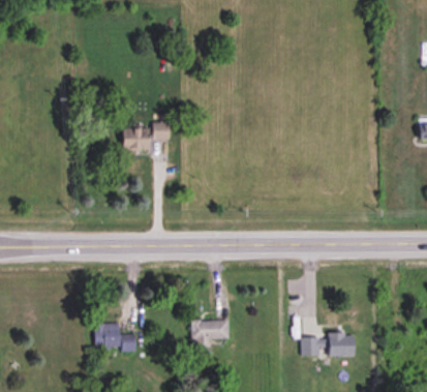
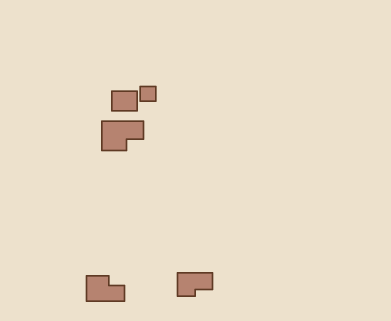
building: none -> [102,121,143,150]
building: [302,334,356,356] -> none

